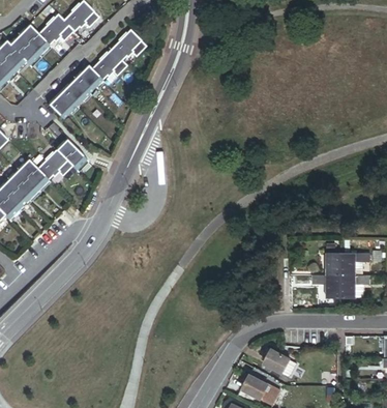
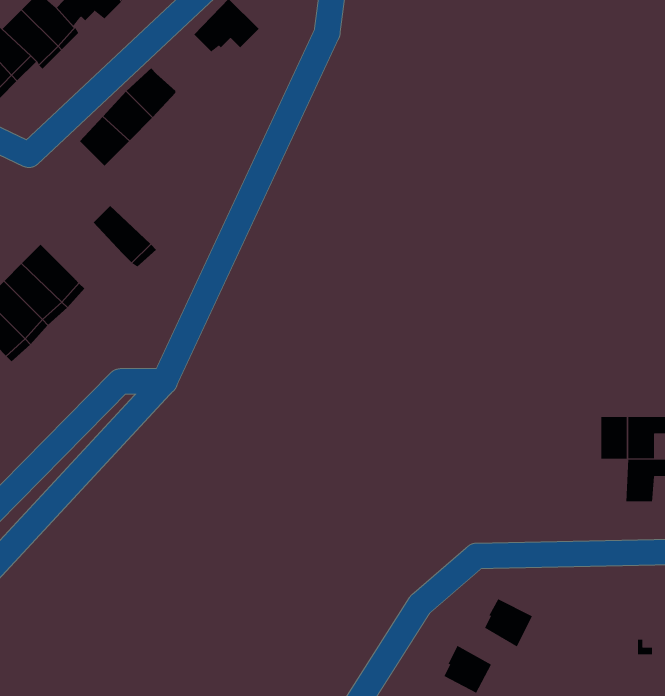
building: [89,49,125,79] -> none
building: [35,149,70,179] -> none
building: [311,275,340,298] -> none

